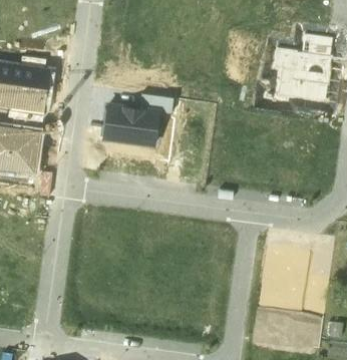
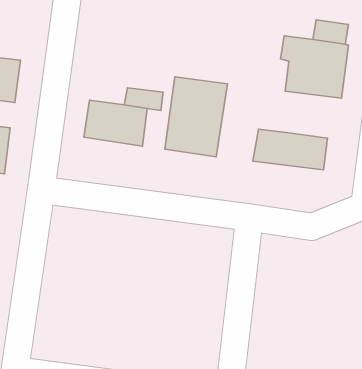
building: none -> [165,77,228,157]
building: none -> [253,129,327,170]

